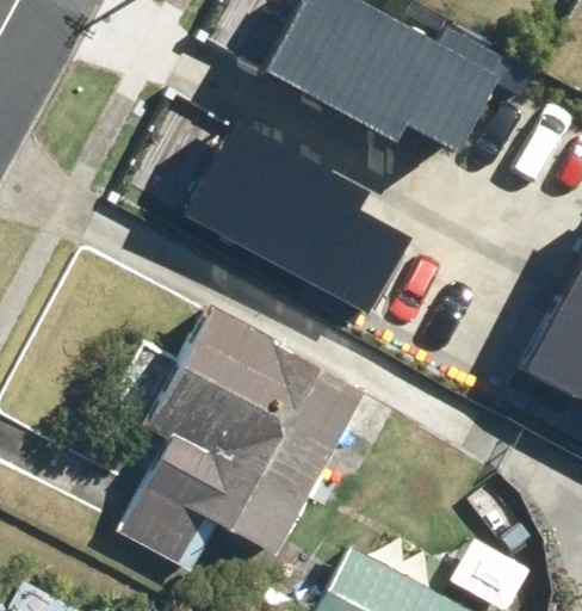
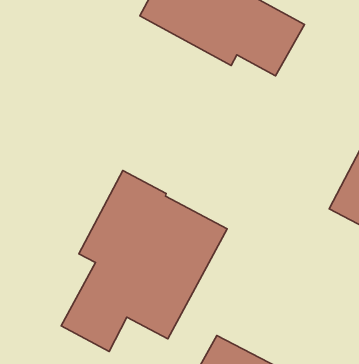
building: [169,119,405,313] -> none

